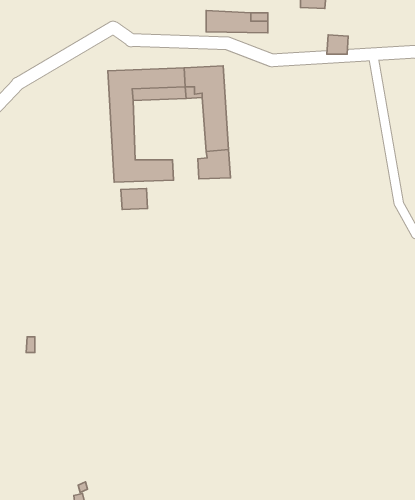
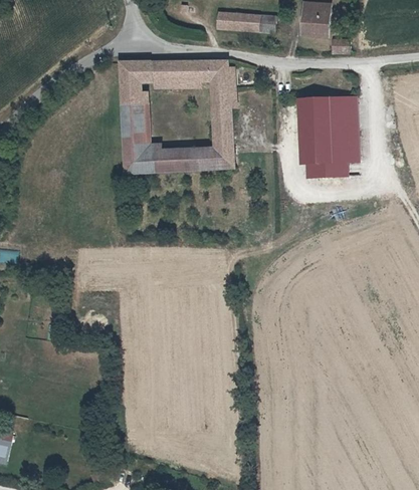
building: none -> [301,9,326,35]
building: none -> [303,95,360,178]
building: [121,188,147,210] -> [181,153,206,173]

